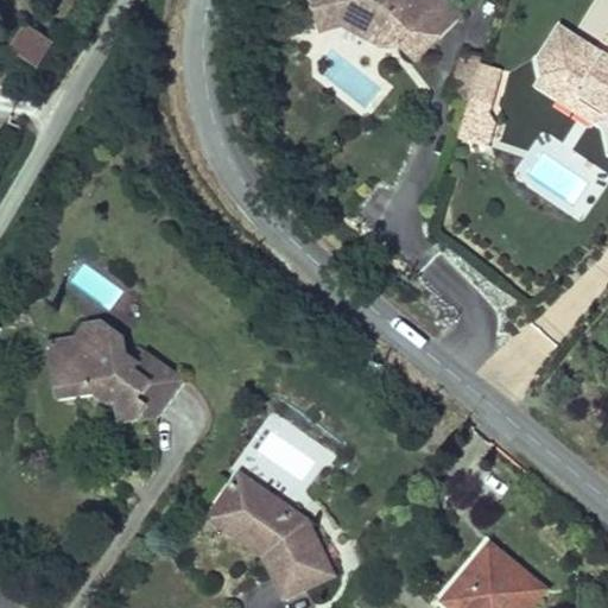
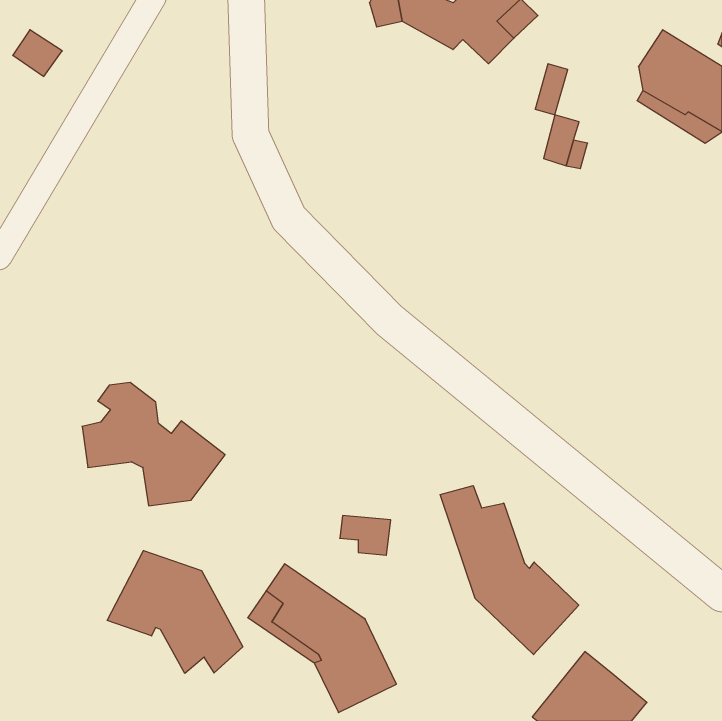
building: [55,336,120,401] -> none
building: none -> [440,486,579,655]
building: none -> [107,551,243,673]

